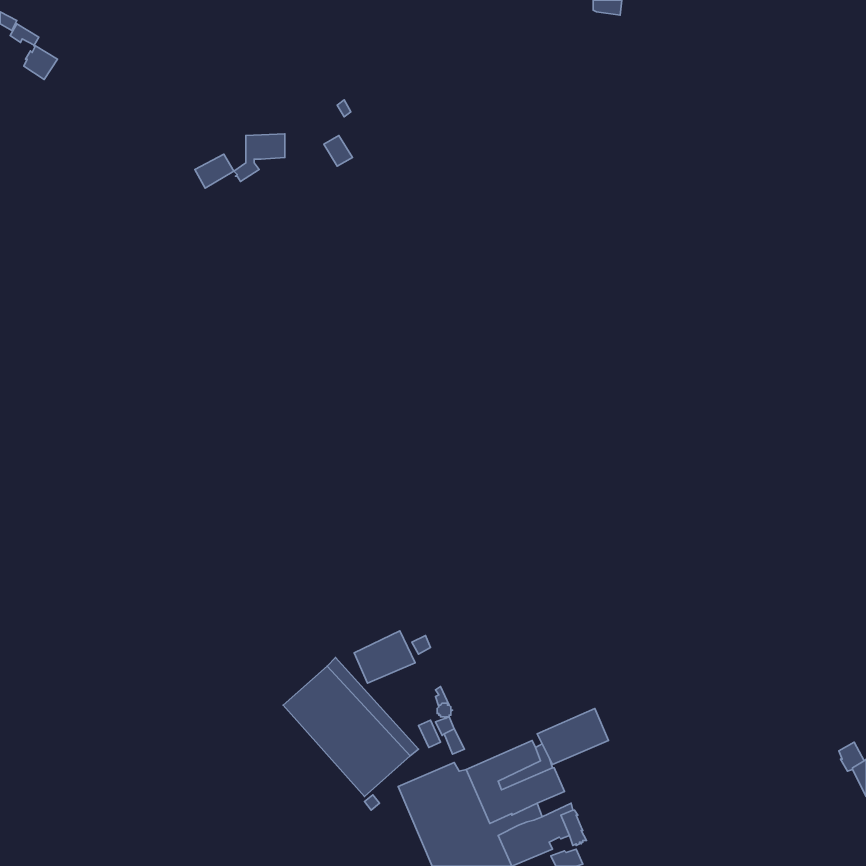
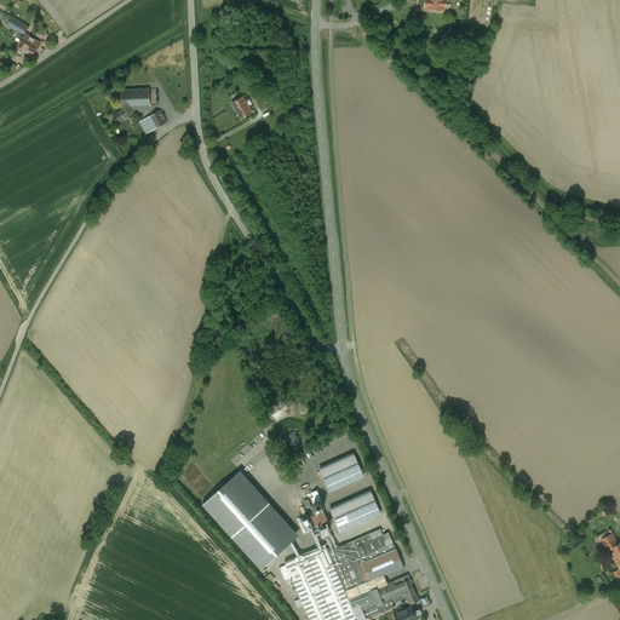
building: [234,134,285,181] -> [113,88,149,122]
building: [354,631,415,683] -> [320,453,363,490]
building: [537,708,608,764] -> [329,490,380,530]

